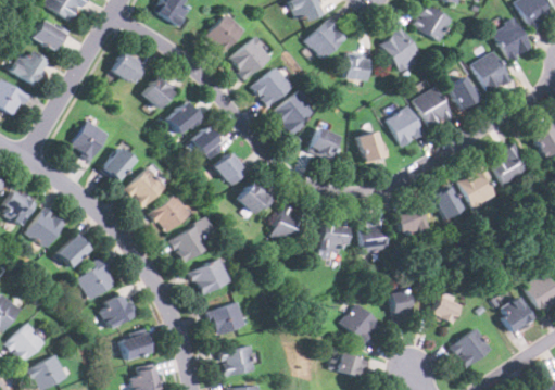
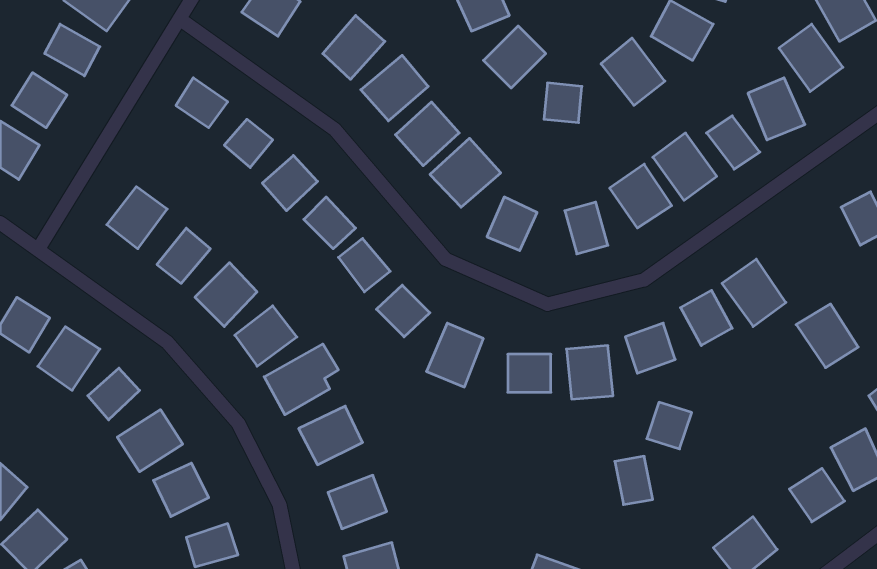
building: [489,147,528,187] -> [796,304,858,368]
building: [430,295,458,325] -> [647,402,692,449]
building: [340,303,380,342] -> none

